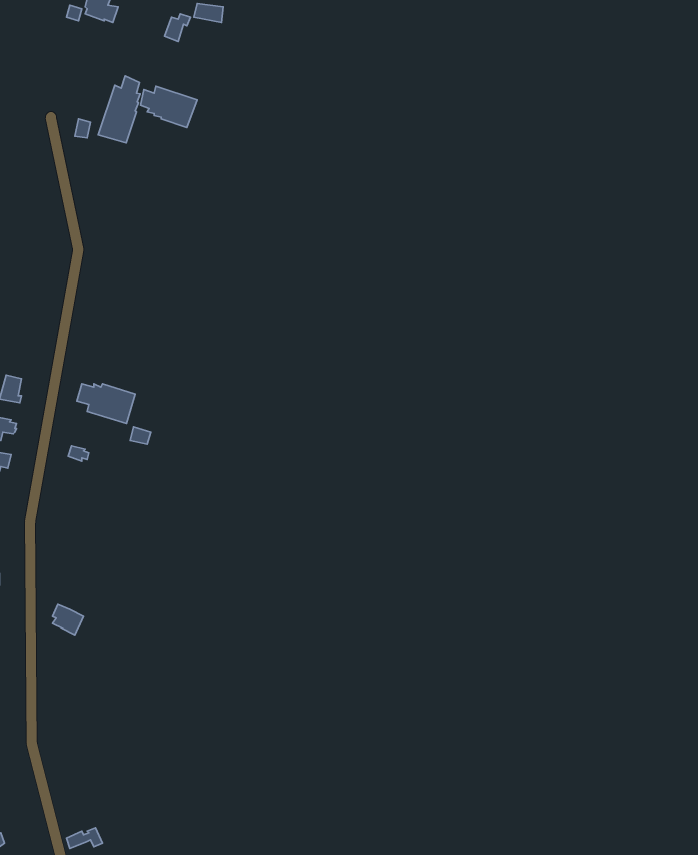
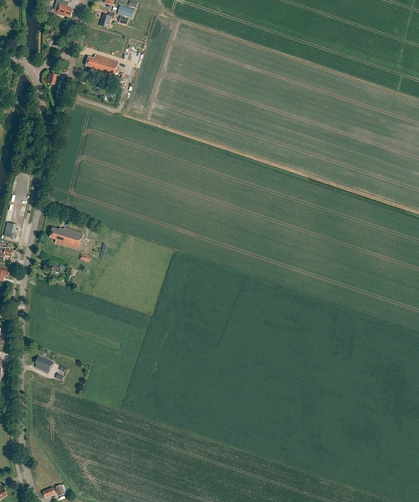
building: [98,76,140,143] -> none

